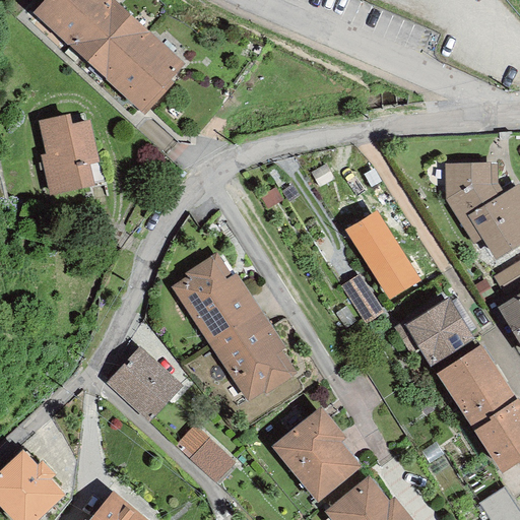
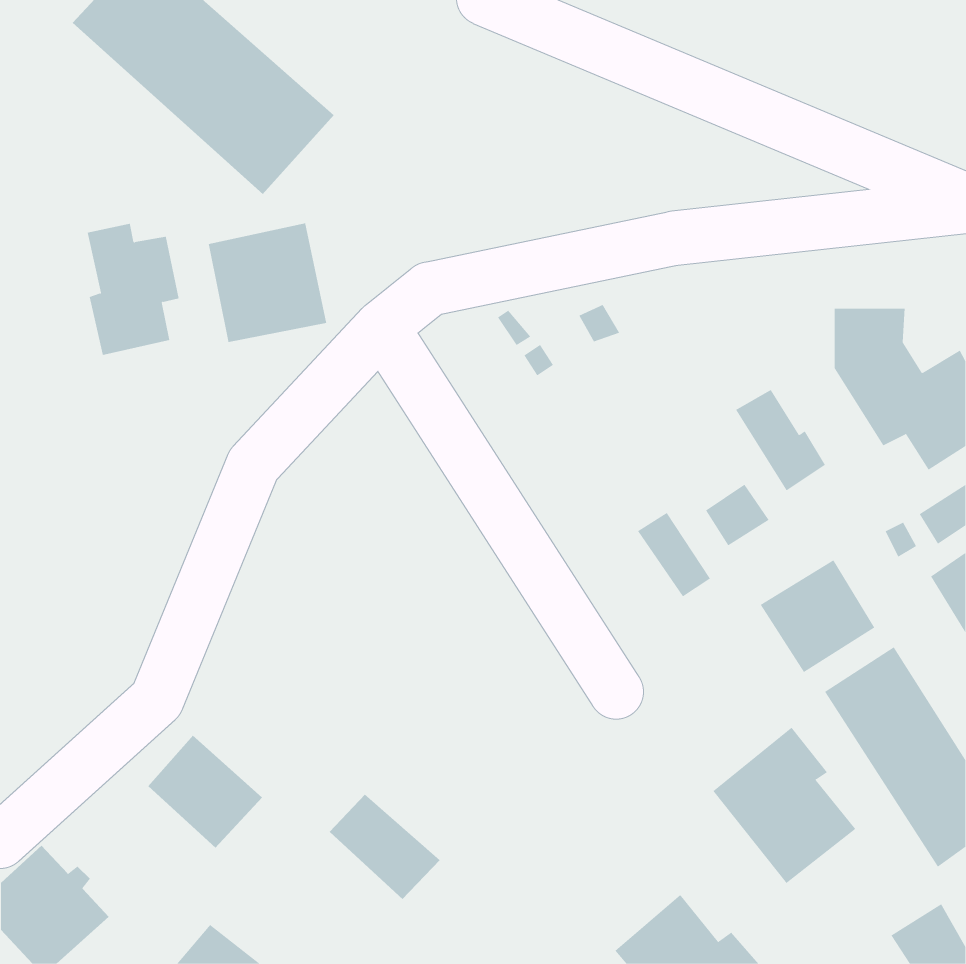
building: none -> [208,223,327,343]
building: [351,219,400,274] -> [735,389,826,491]
building: [179,262,286,393] -> none
building: [114,353,176,414] -> [147,735,263,848]
building: [277,411,354,496] -> [713,727,856,884]

